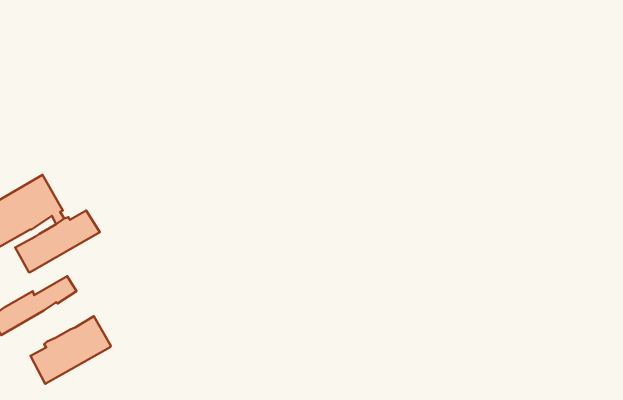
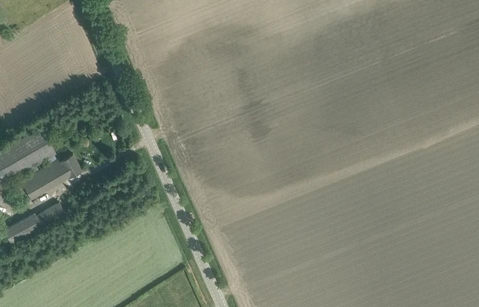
building: [31,316,111,384] -> none

